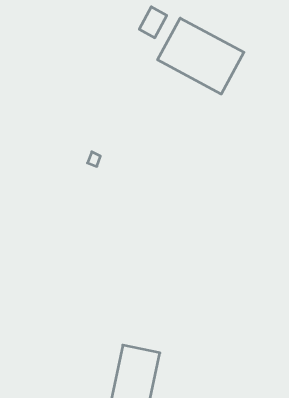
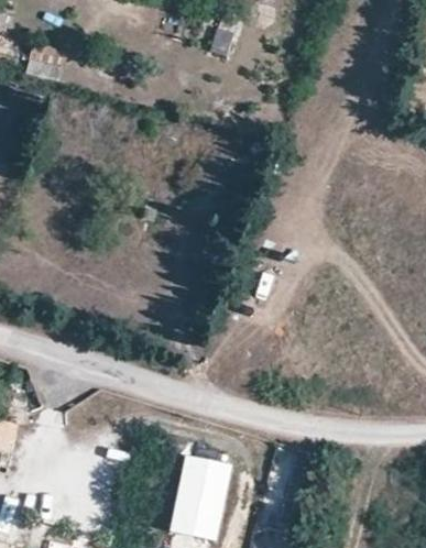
building: [158,18,244,94] -> none

